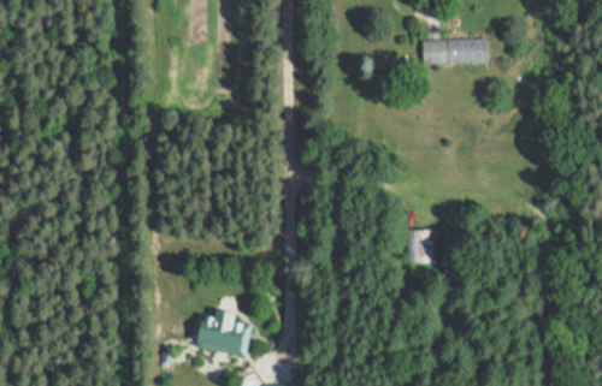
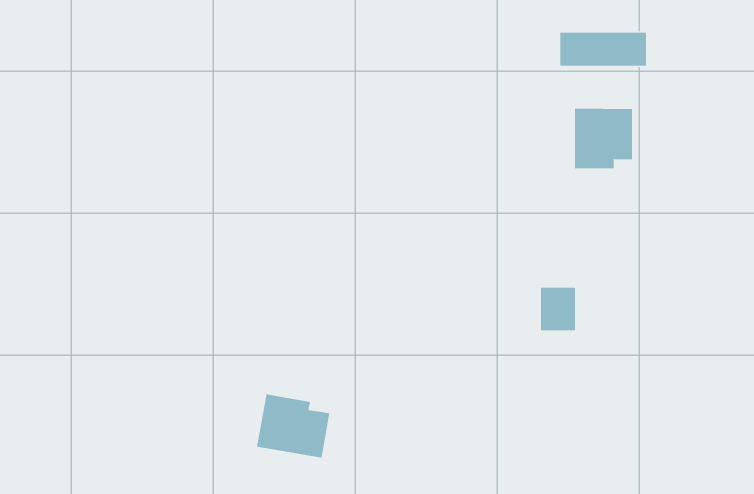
building: none -> [574,108,632,169]

